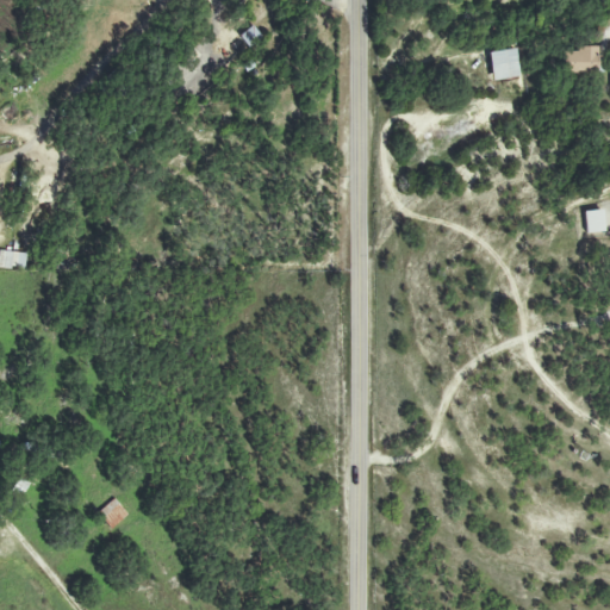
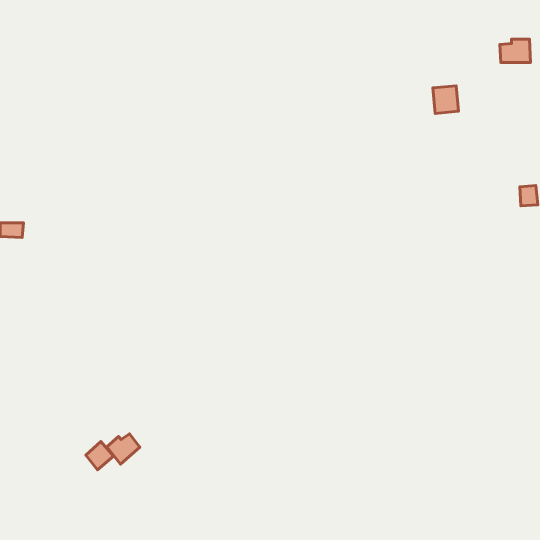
building: [491,48,519,79] -> [433,86,458,113]
building: none -> [107,434,140,464]

